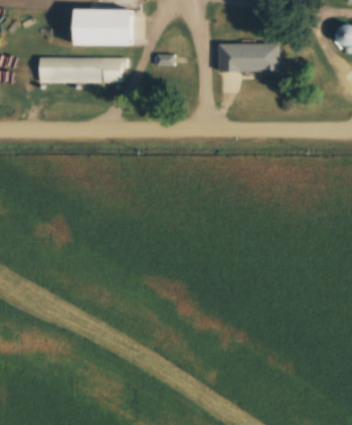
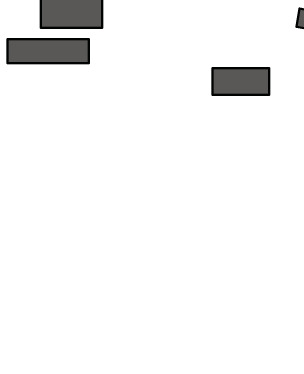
building: [218,43,278,71] -> [213,68,269,95]

